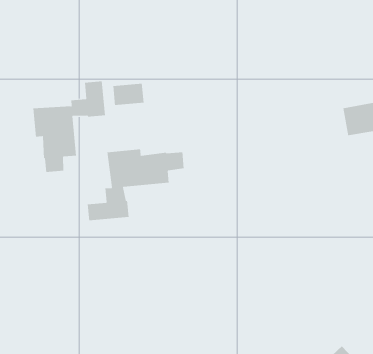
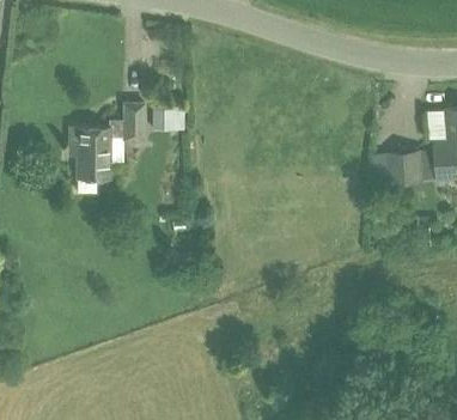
building: [87,149,184,221] -> none

